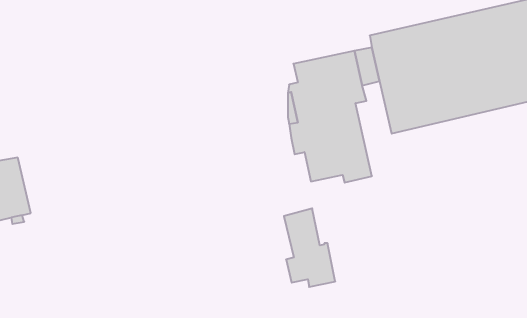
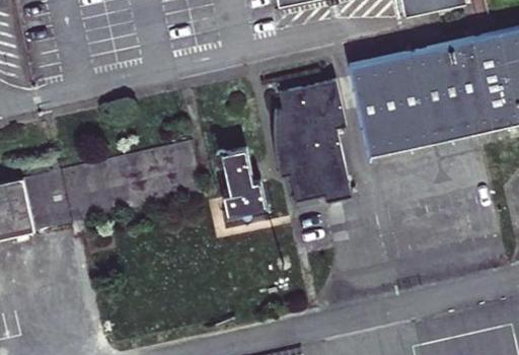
building: none -> [27,140,204,228]
building: [284,208,335,287] -> [221,146,269,219]

